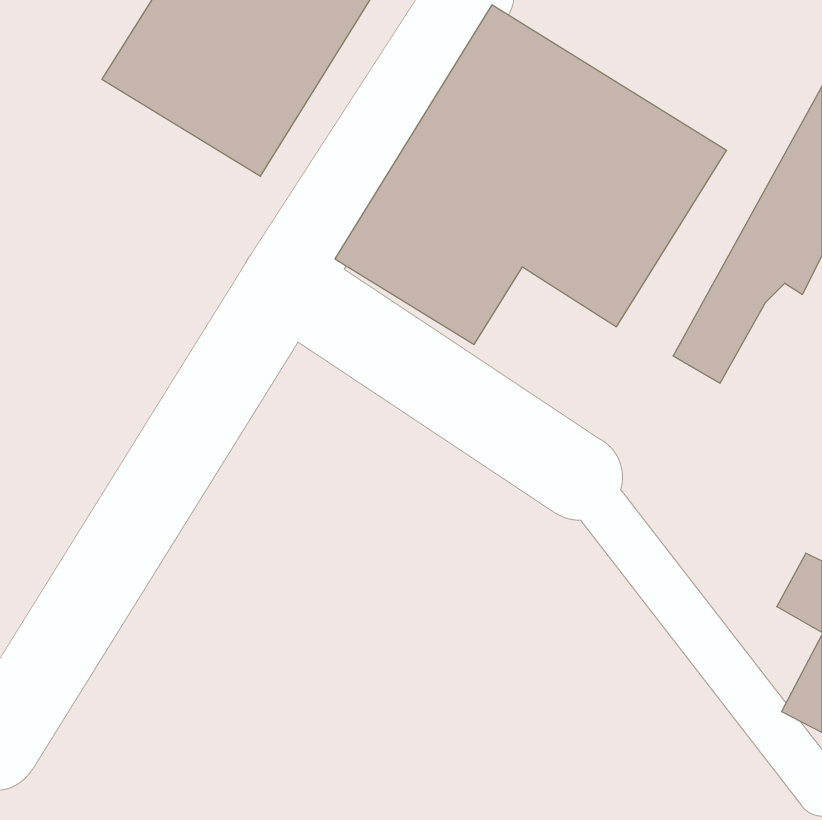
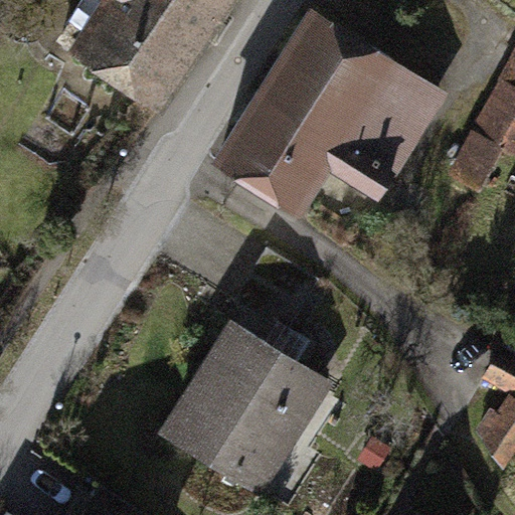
building: none -> [161,320,338,499]

